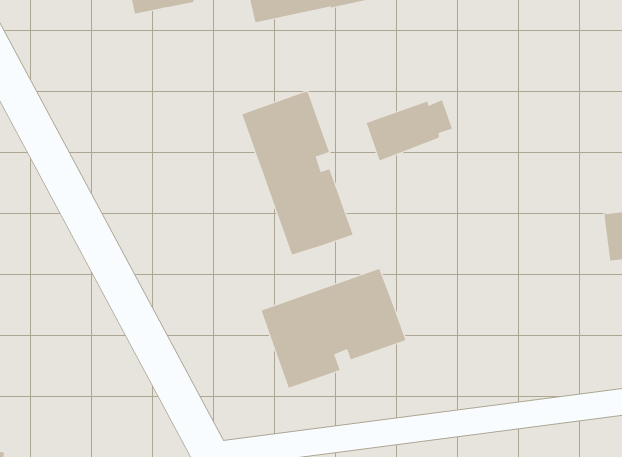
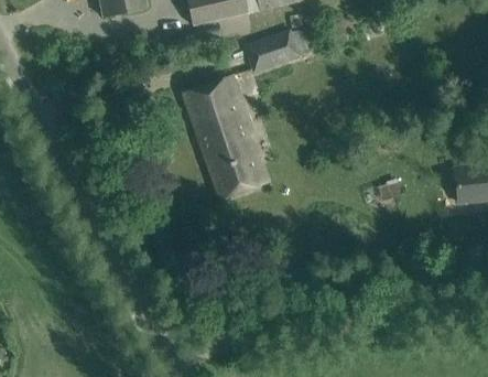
building: [366,99,453,161] -> [246,28,311,74]
building: [261,268,406,389] -> none

